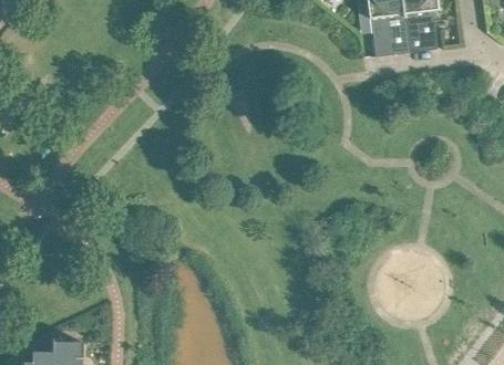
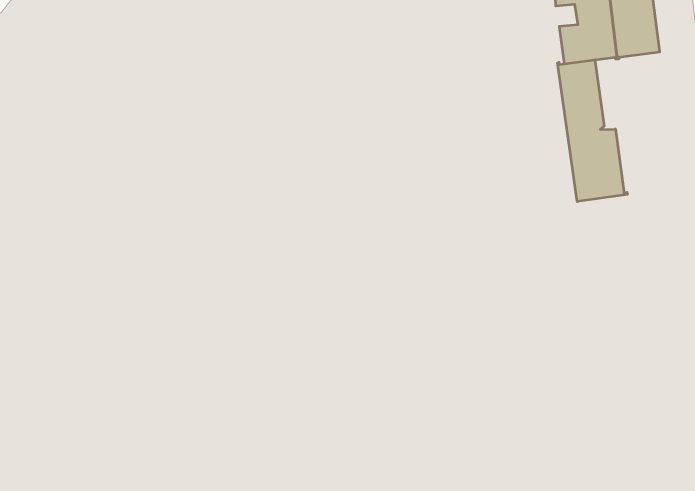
building: none -> [558,60,627,202]

